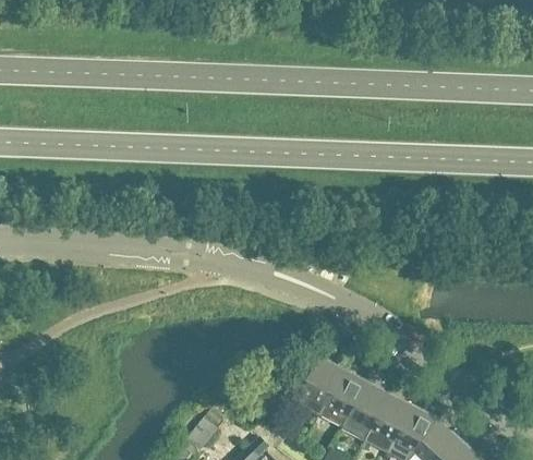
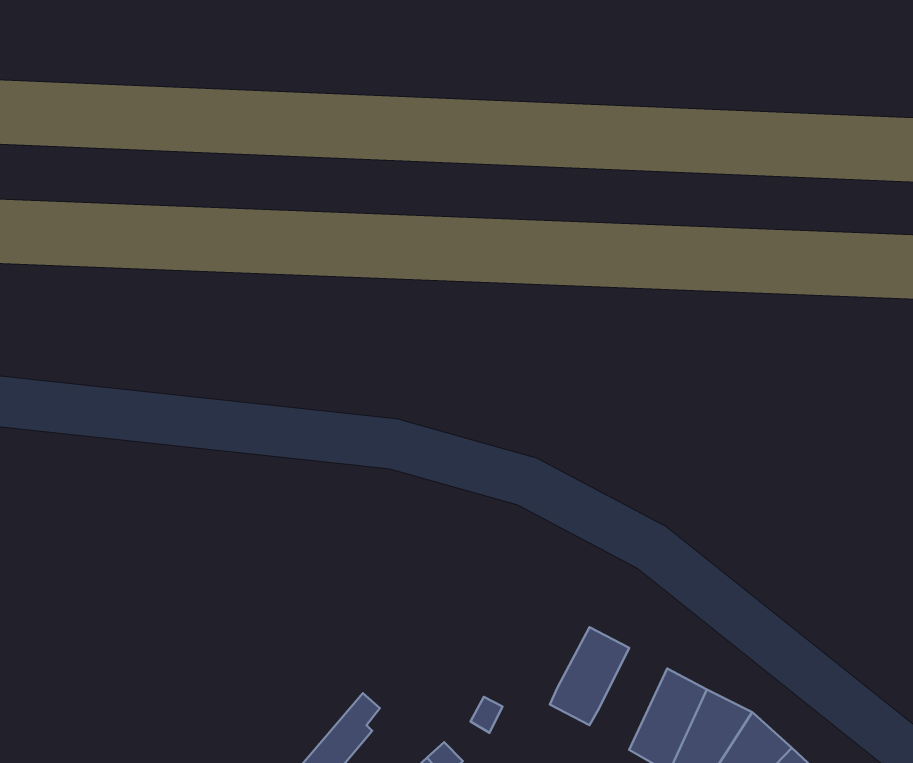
building: [294,358,342,414] -> none
building: [341,382,387,440] -> none

